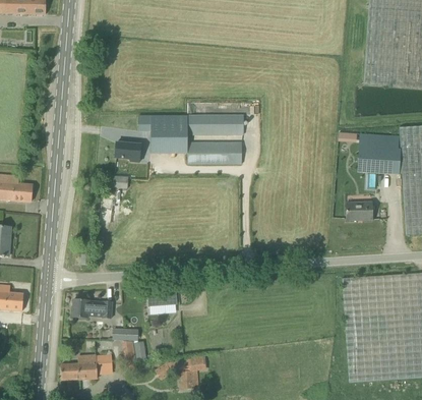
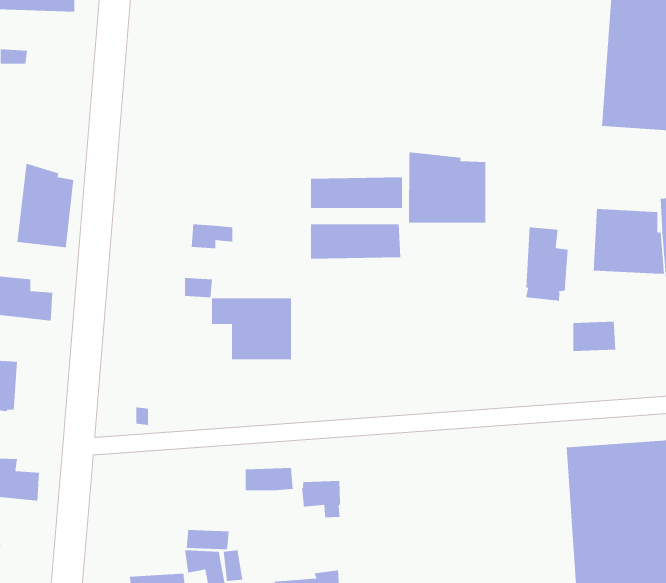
building: none -> [409,152,486,224]
building: none -> [17,163,74,248]
building: [139,115,188,153] -> [211,298,292,360]
building: none -> [526,226,568,302]
building: none -> [301,480,340,518]
building: [72,299,113,318] -> none

